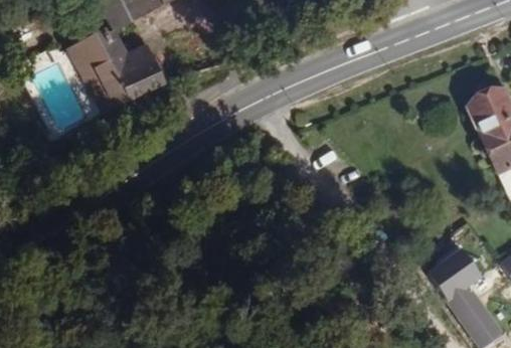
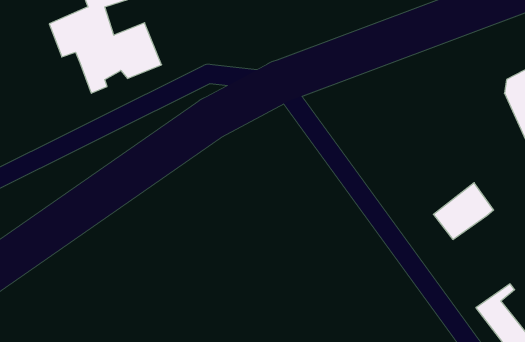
building: [428,249,481,300] -> [433,183,494,239]

